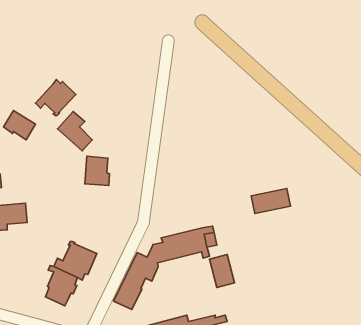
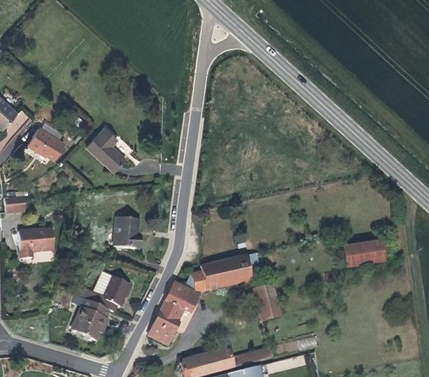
building: [35,79,76,116] -> none
building: [85,156,110,186] -> [114,216,141,248]
building: [251,189,291,213] -> [346,239,389,266]

